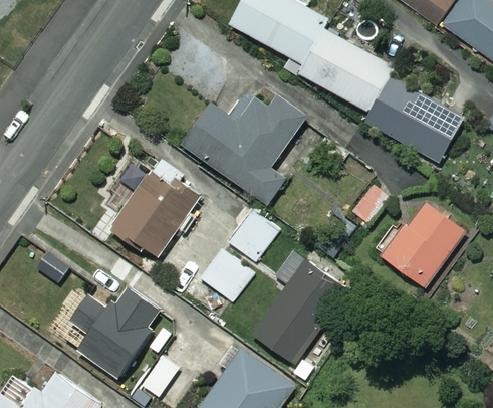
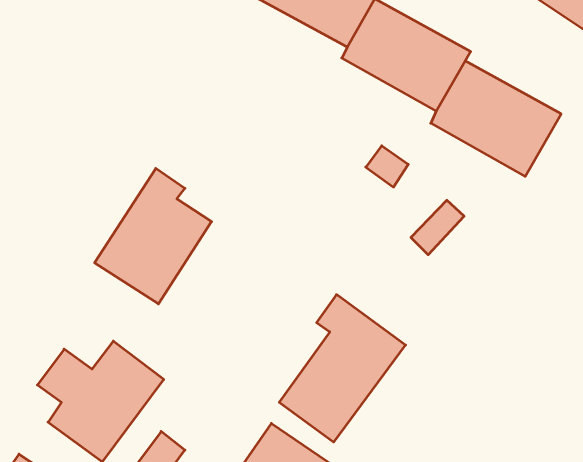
building: [181,92,303,203] -> none
building: [381,201,465,287] -> none
building: [227,207,280,261] -> none
building: [200,247,254,300] -> none

